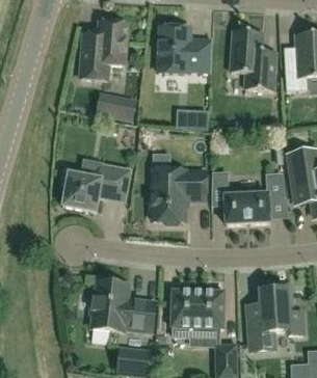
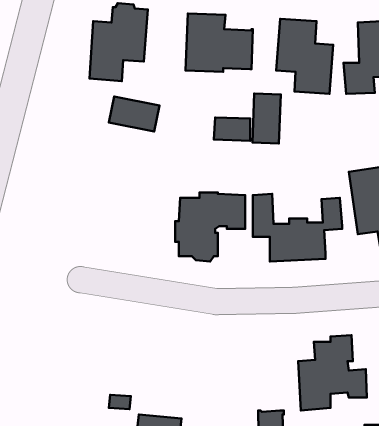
building: none -> [253,94,281,143]
building: [60,163,130,212] -> none
building: [91,280,155,330] -> none
building: [170,289,223,336] -> none

